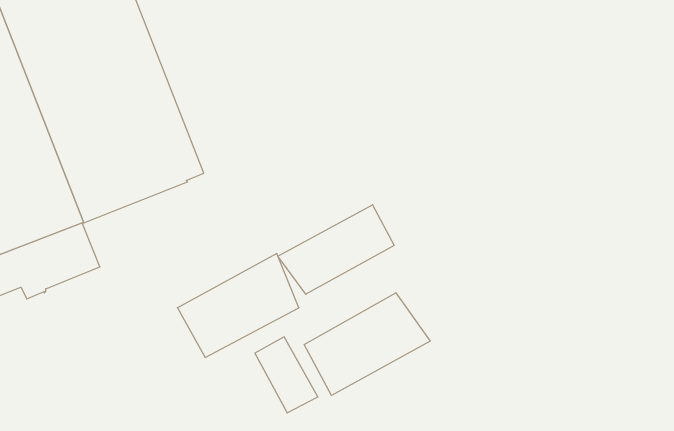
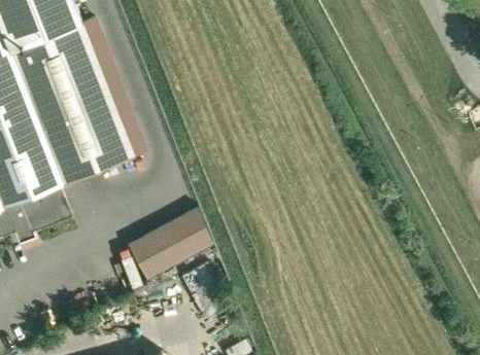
building: [278,205,394,294] -> none
building: [304,293,430,395] -> none

